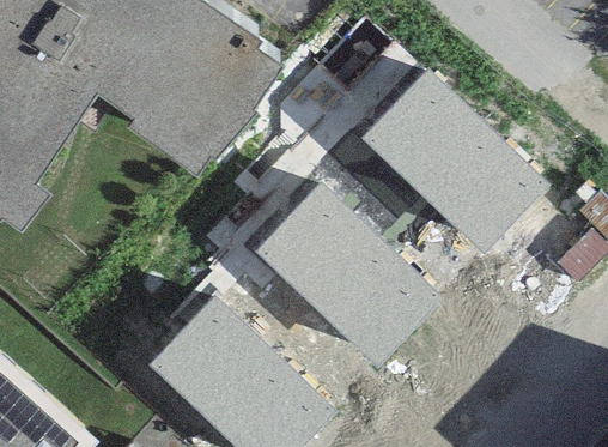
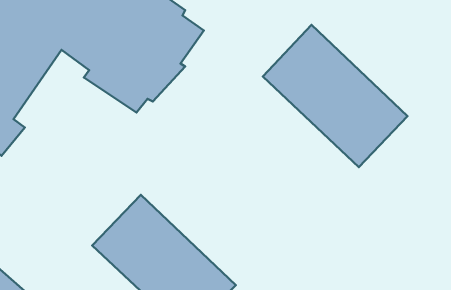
building: [250,170,437,355] -> none

